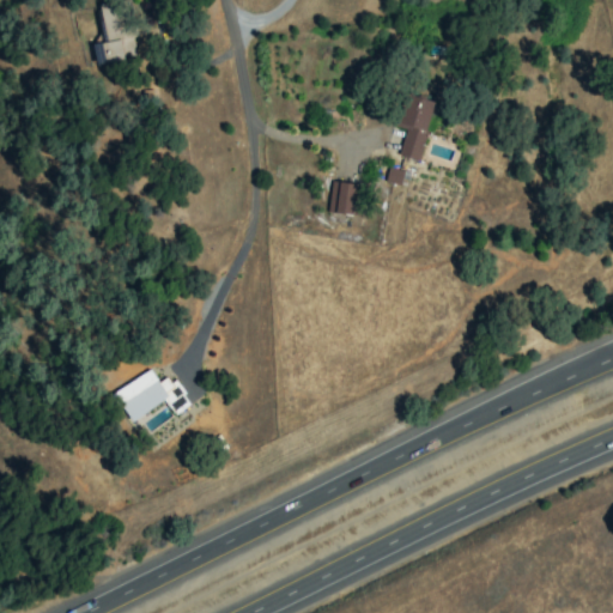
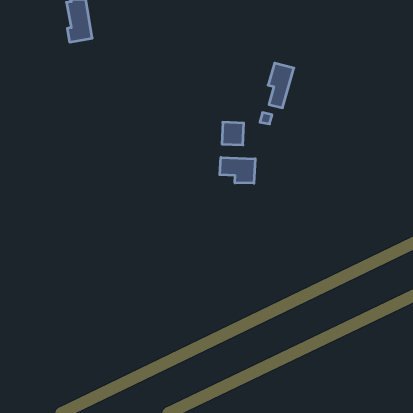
building: none -> [220,157,255,183]
building: [113,369,188,420] -> none

